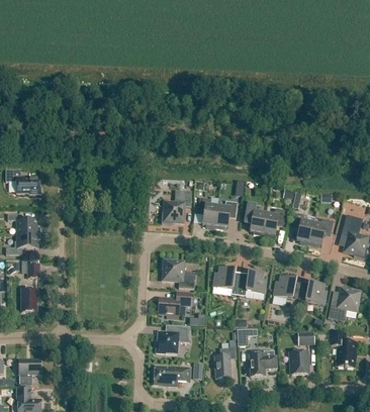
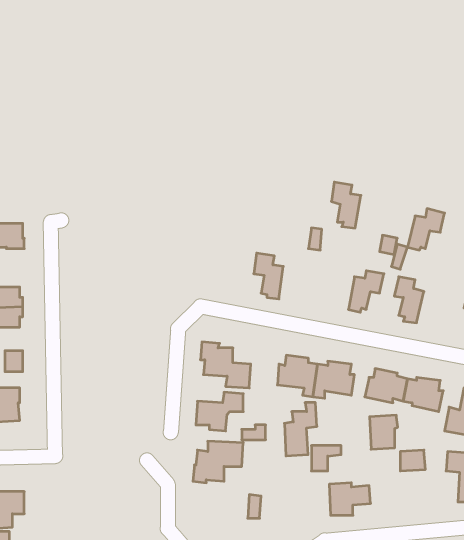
building: [161,189,192,223] -> none
building: [214,200,238,228] -> none
building: [246,203,266,234] -> [331,182,361,228]
building: [308,217,334,245] -> [408,209,445,250]
building: [214,341,237,378] -> [284,403,317,456]
building: [290,350,309,374] -> [370,415,398,449]
building: [154,366,190,386] -> none

